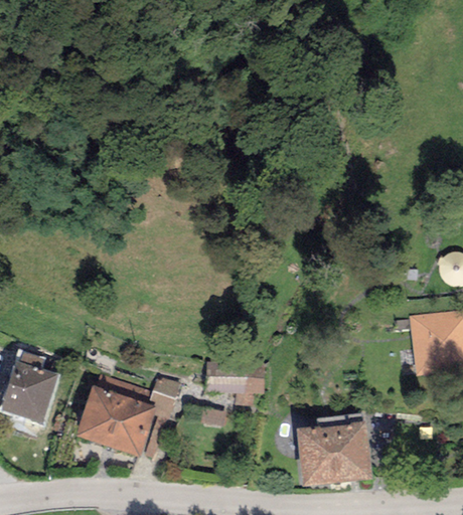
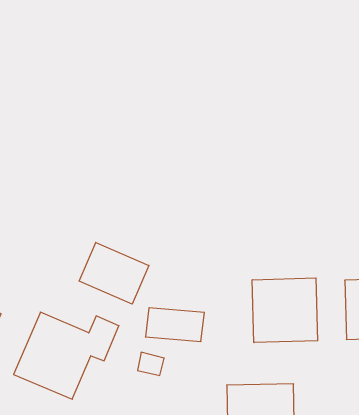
building: none -> [79,242,149,304]
building: none -> [252,278,318,343]

